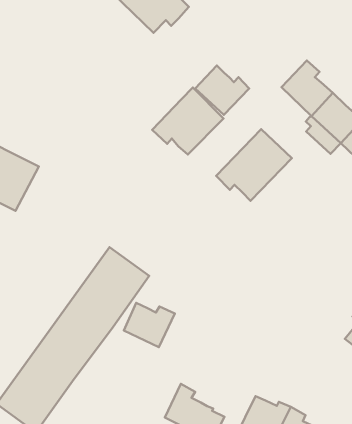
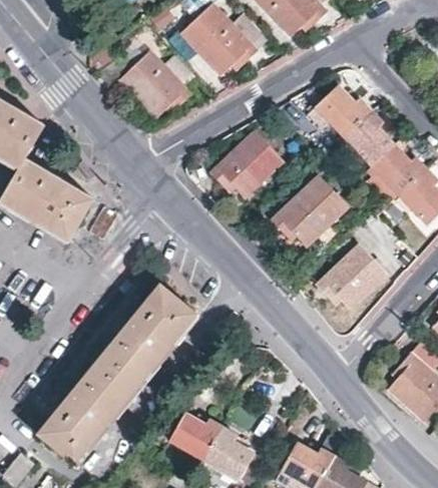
building: none -> [115,45,186,111]
building: [195,65,249,115] -> [316,84,370,134]
building: none -> [317,243,386,309]
building: [124,303,175,347] -> [171,413,224,459]

